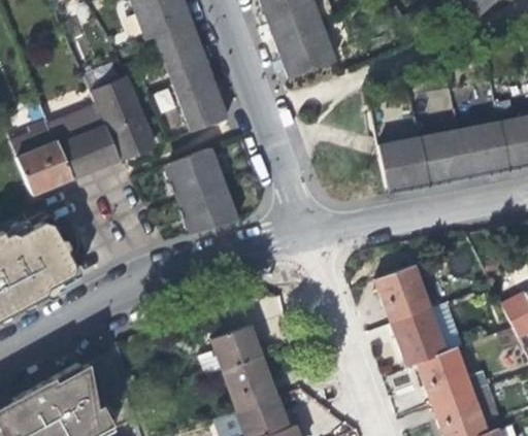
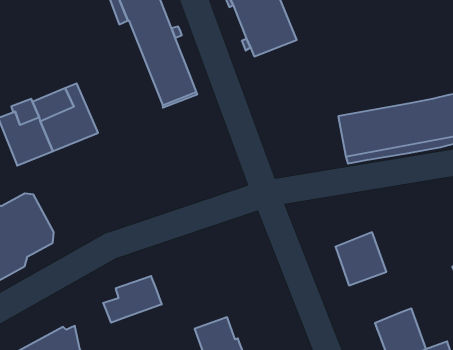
building: [92,77,155,159] -> none
building: [169,149,243,231] -> none
building: [389,307,444,365] -> none
building: [199,325,262,374] -> [103,276,162,322]

